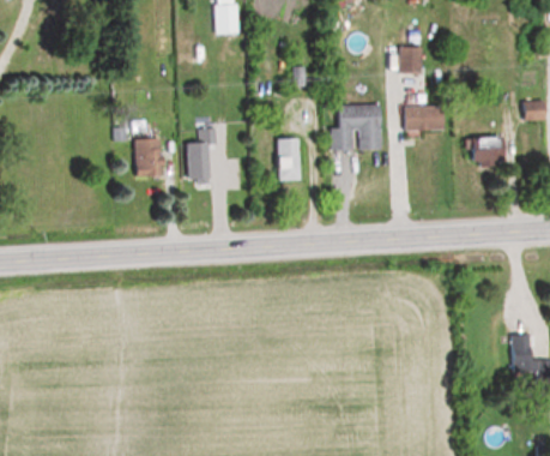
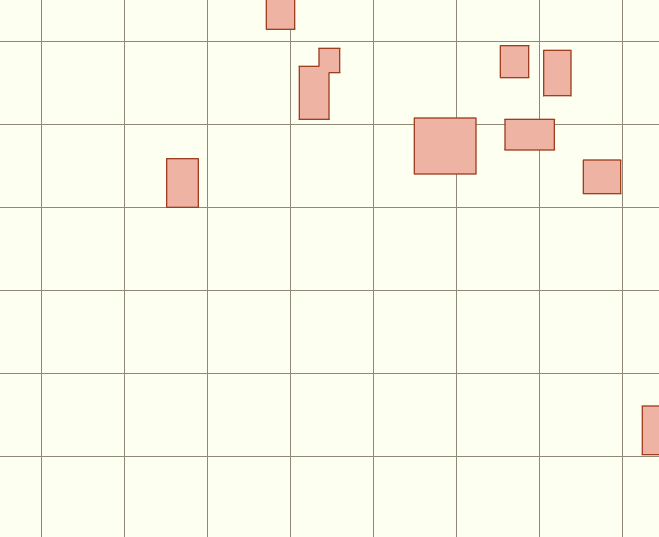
building: none -> [544,50,571,96]
building: [188,127,220,184] -> [299,48,340,119]
building: [276,138,298,180] -> none

